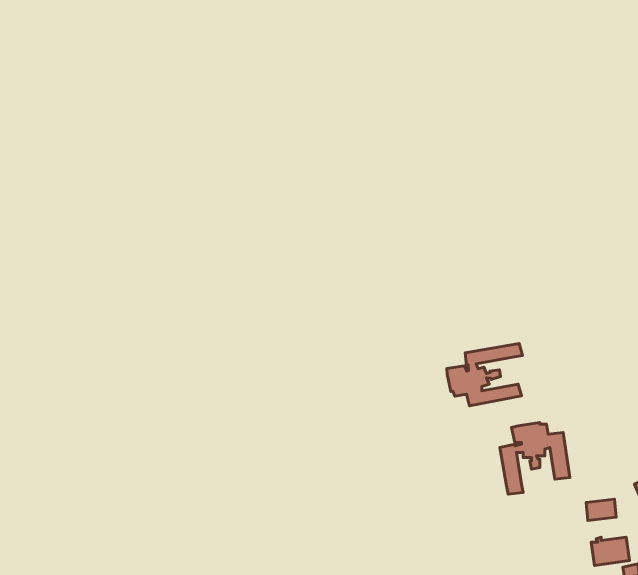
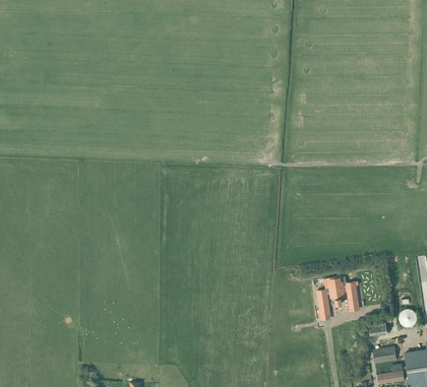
building: [447,344,522,406] -> none

